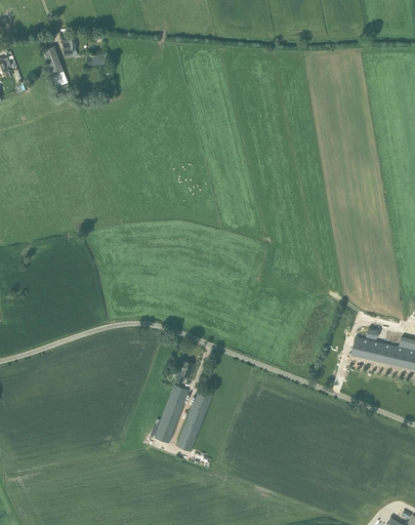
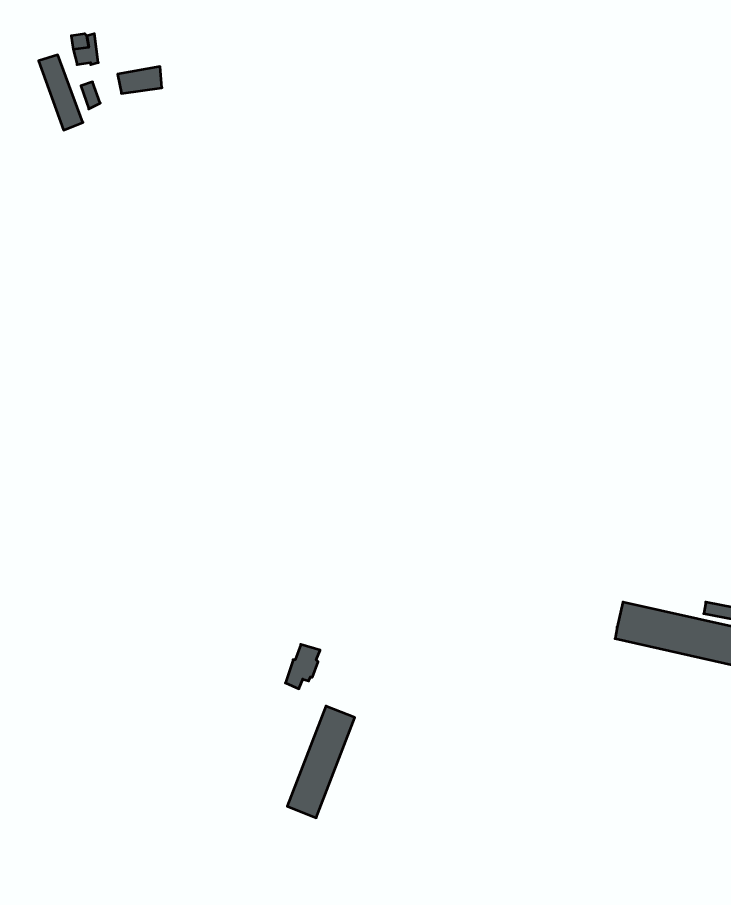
building: [153,383,189,442] -> none

